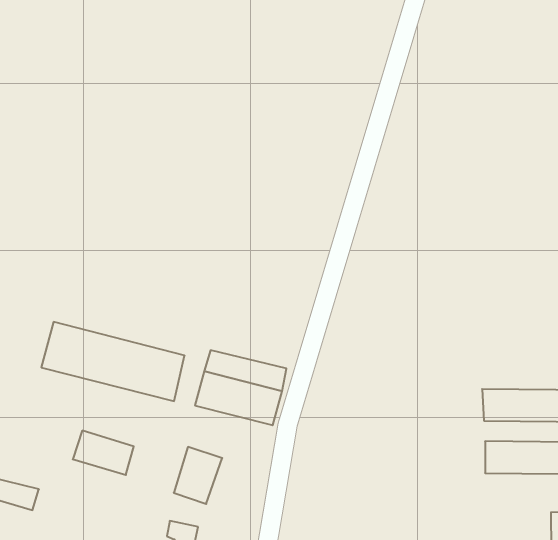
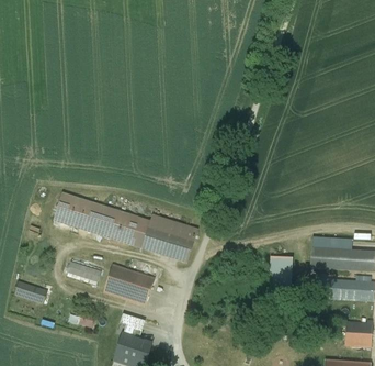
building: none -> [273,255,296,285]
building: none -> [105,263,136,297]

